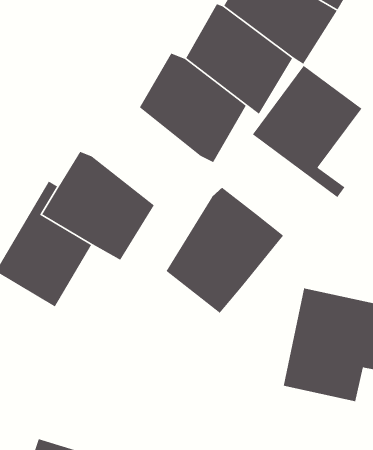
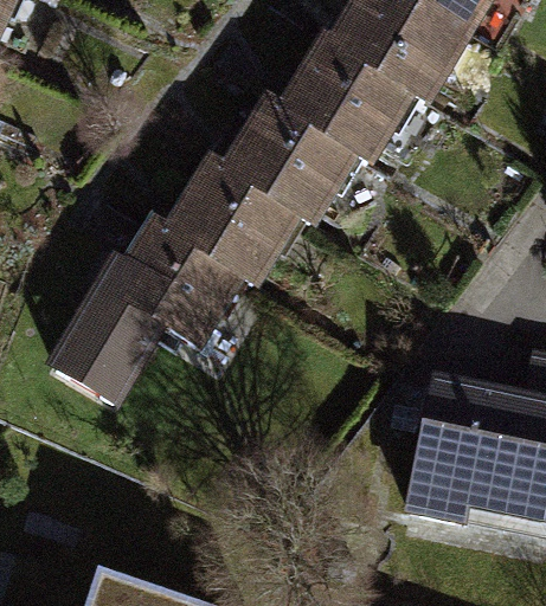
building: [252,65,362,198] -> none
building: none -> [167,152,302,289]
building: [165,187,284,314] -> none

